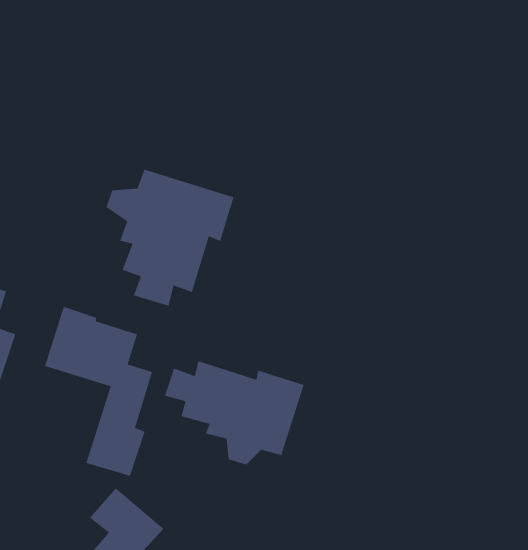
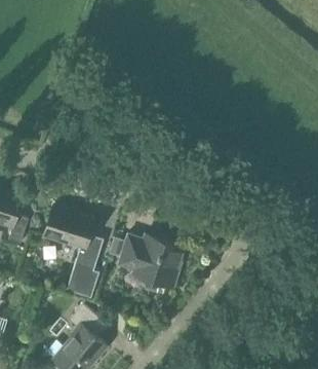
building: [106,169,234,307] -> none

